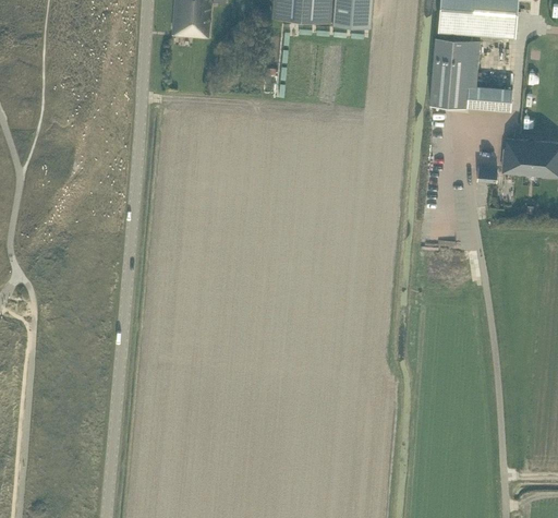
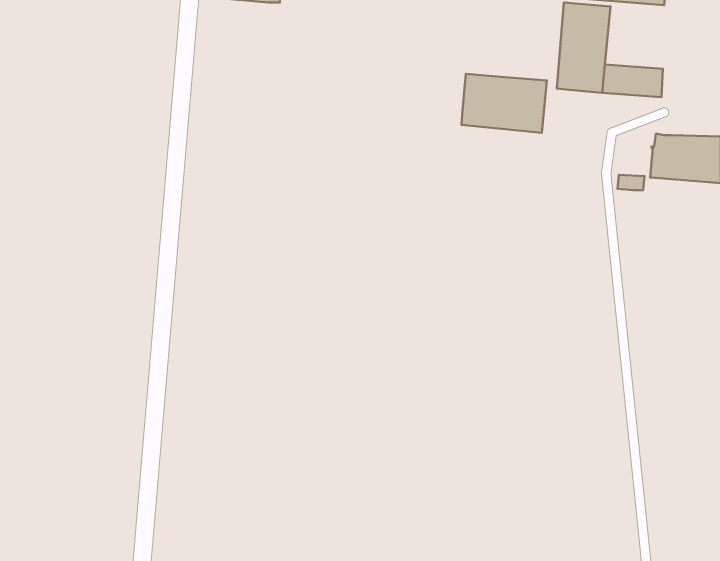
building: none -> [461,74,547,133]

